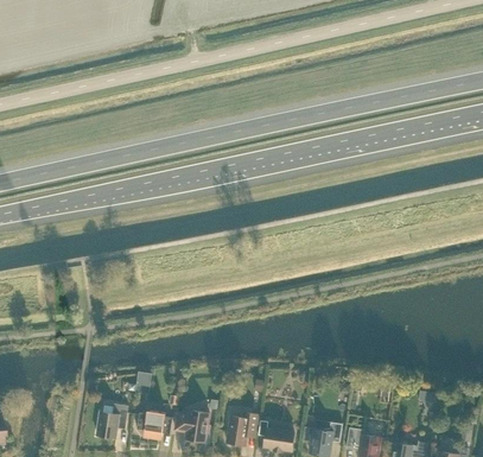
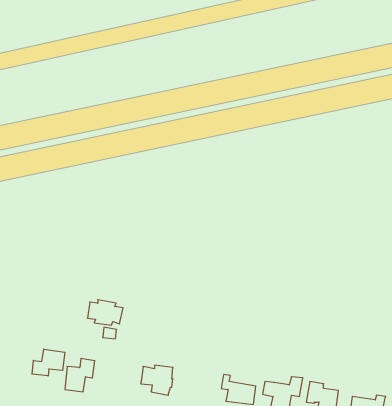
building: none -> [32,349,65,376]
building: [136,410,173,436] -> [87,300,123,325]
building: [227,412,259,445] -> none

